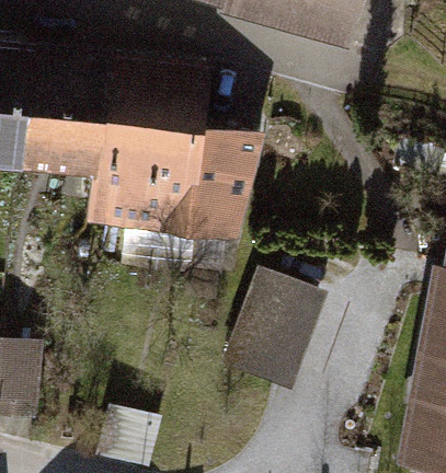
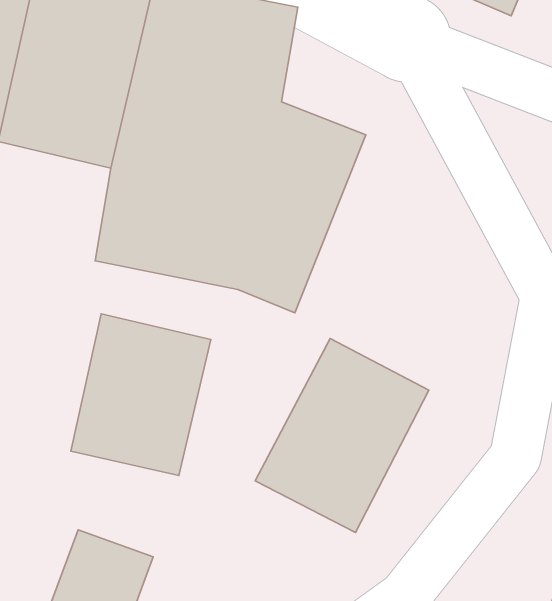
building: none -> [71,314,211,476]

